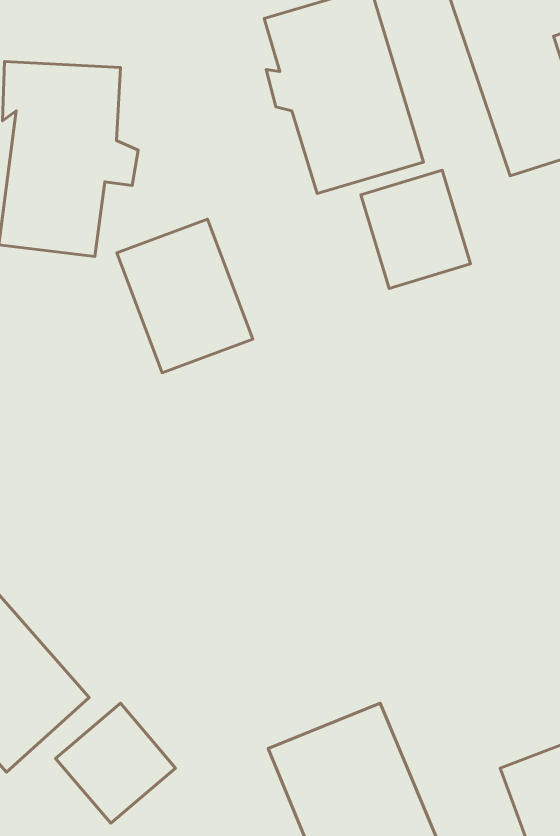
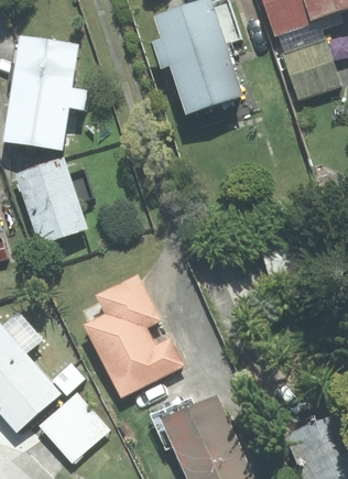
building: [361,170,470,289] -> none
building: [117,219,253,373] -> [14,160,90,246]
building: none -> [83,272,188,402]

